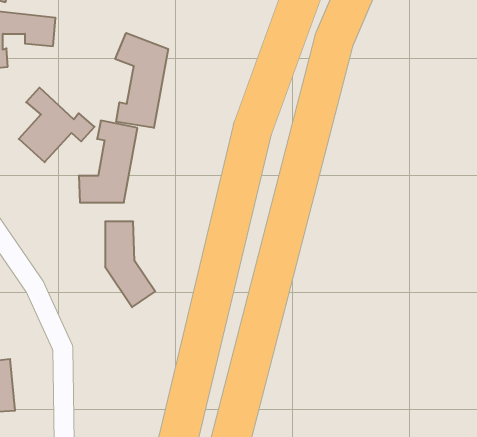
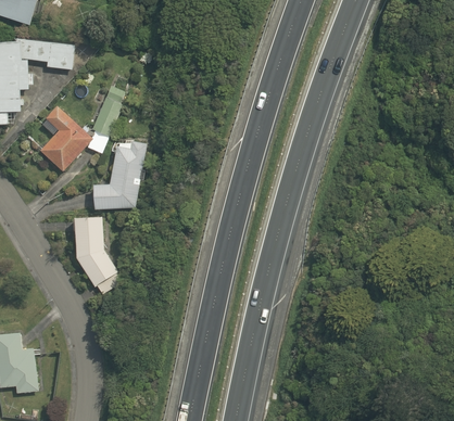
building: [115,33,168,128] -> none
building: [105,222,155,307] -> [73,219,117,295]

